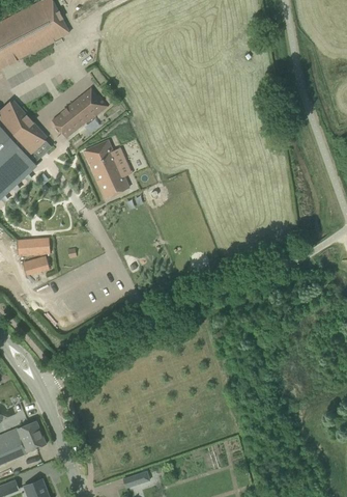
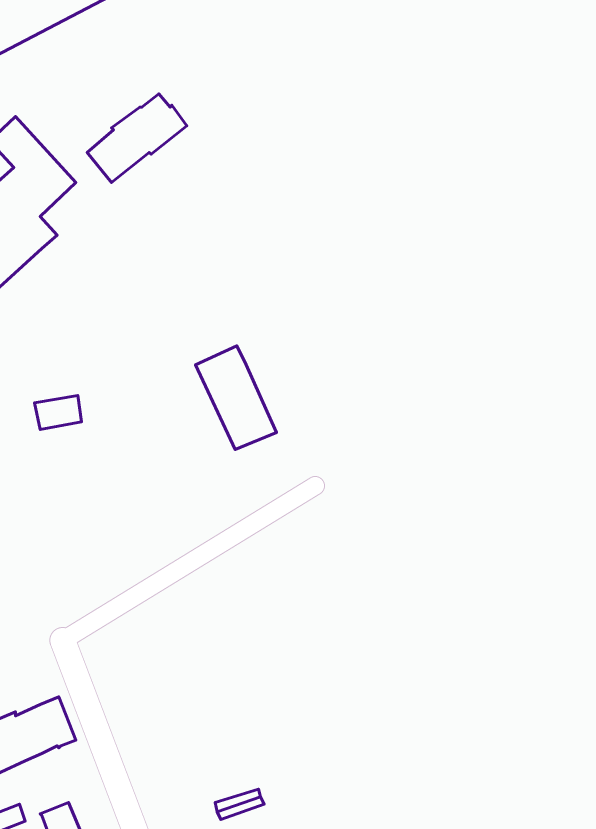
building: [84,140,128,197] -> [195,346,276,450]
building: [17,238,50,255] -> none

